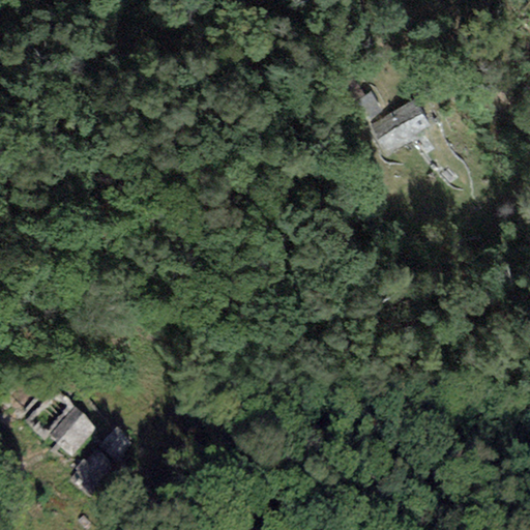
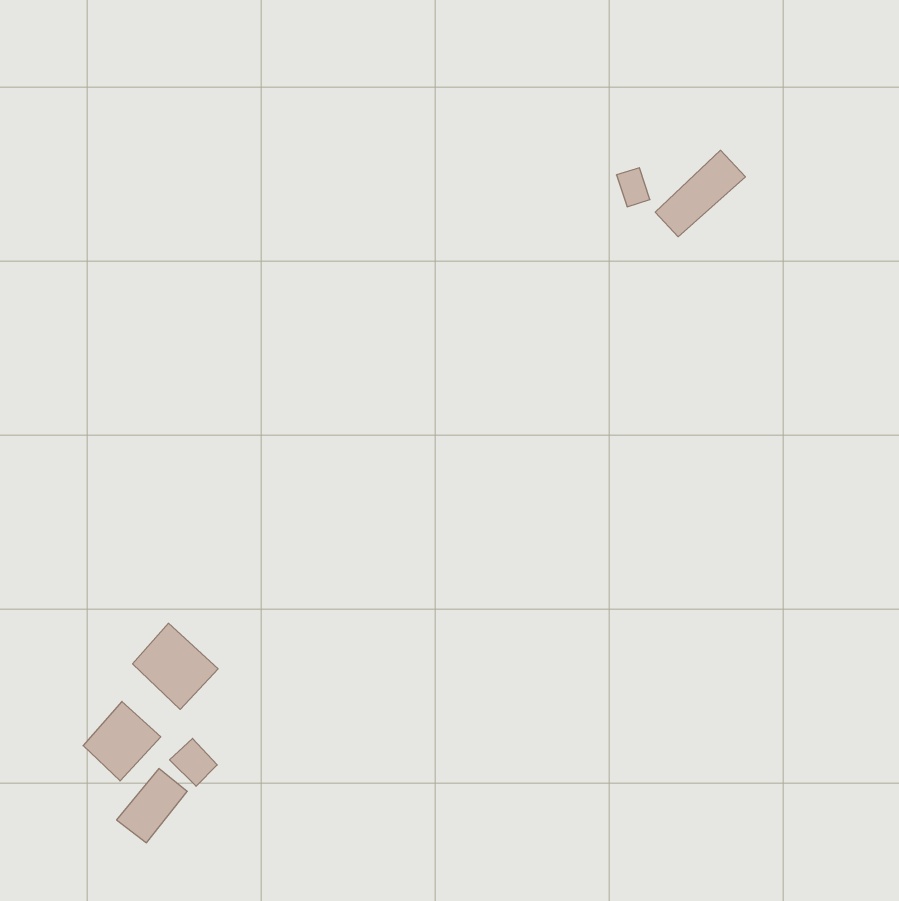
building: none -> [133,623,218,709]

